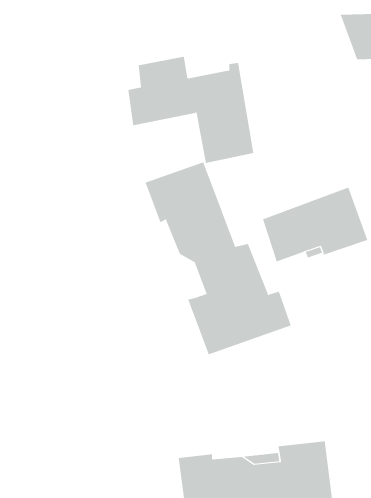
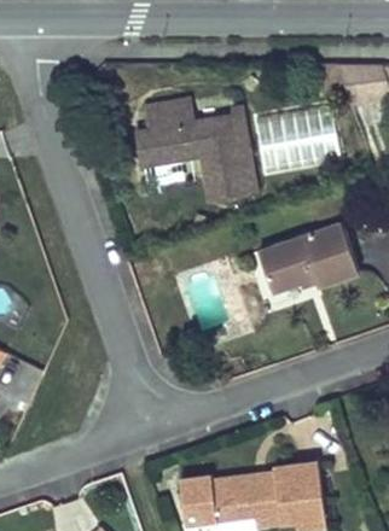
building: none -> [255,103,333,170]
building: [145,161,291,355] -> none

